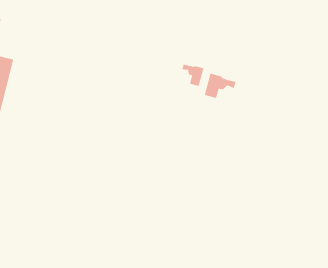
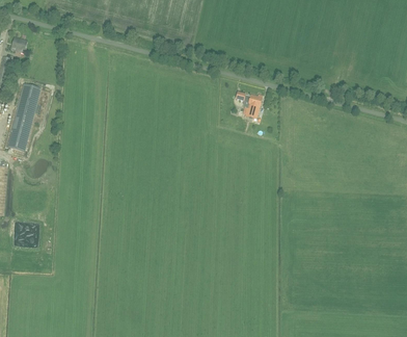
building: [204,72,237,99] -> none

